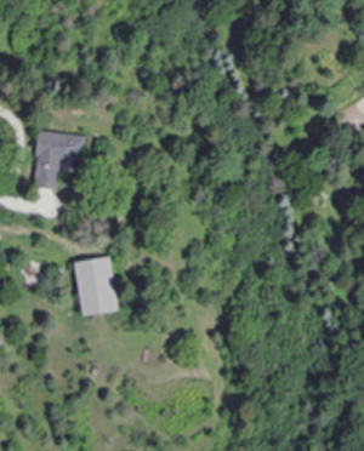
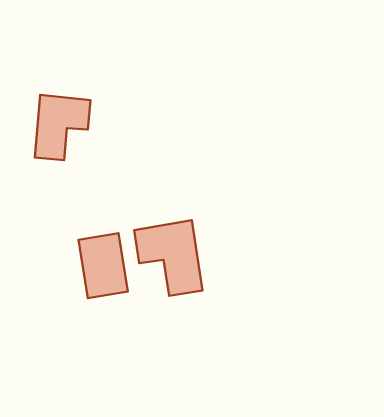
building: none -> [134,220,203,296]

